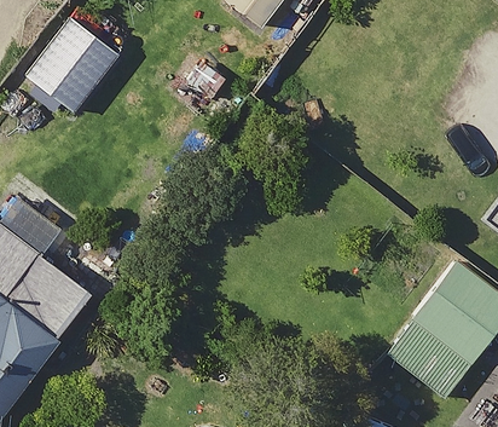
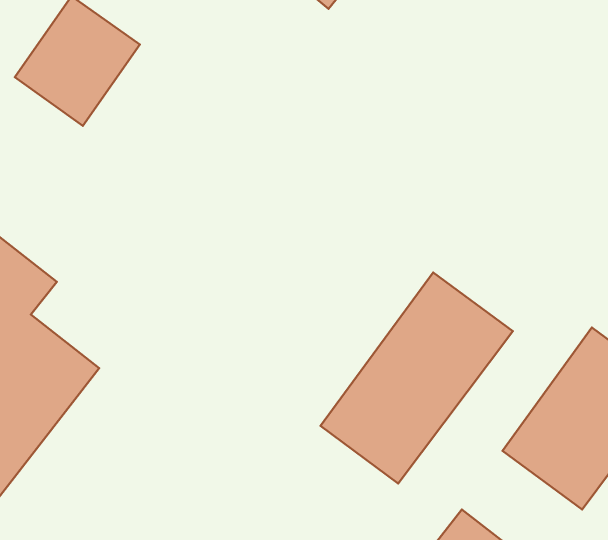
building: none -> [321,272,513,484]

